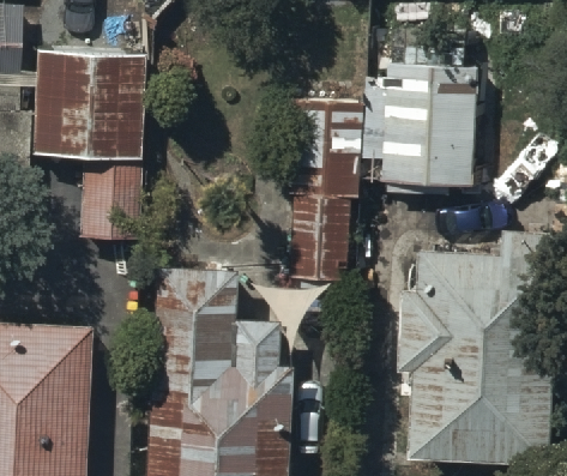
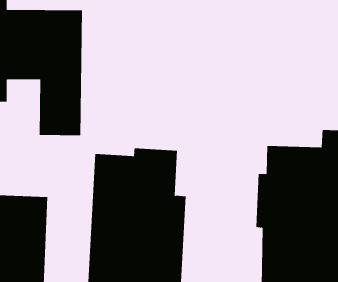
building: [363,50,481,179] -> none
building: [286,91,360,266] -> none

